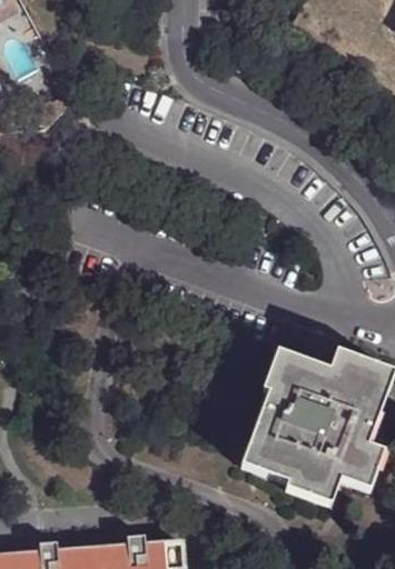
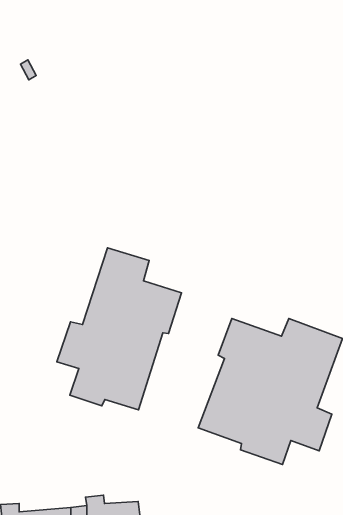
building: none -> [57,248,182,410]

